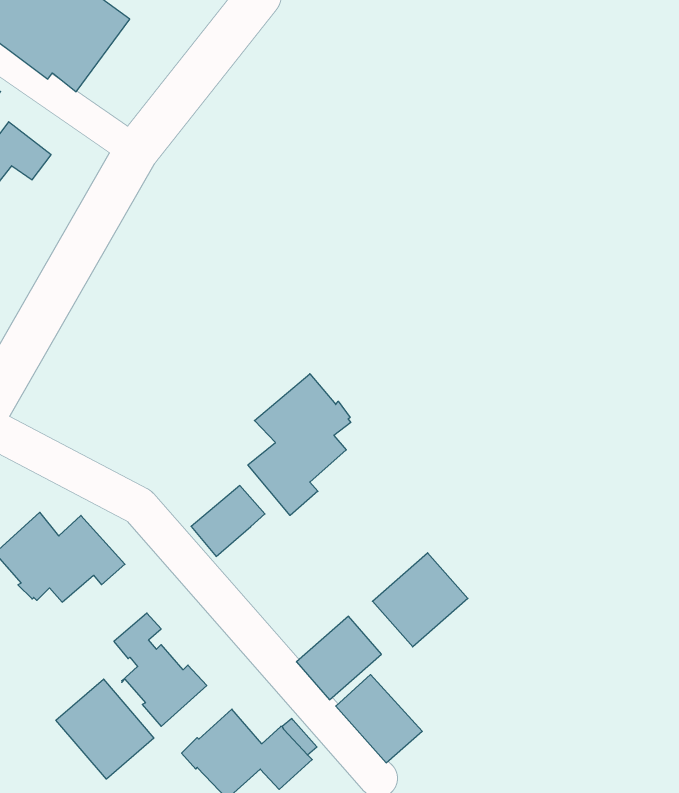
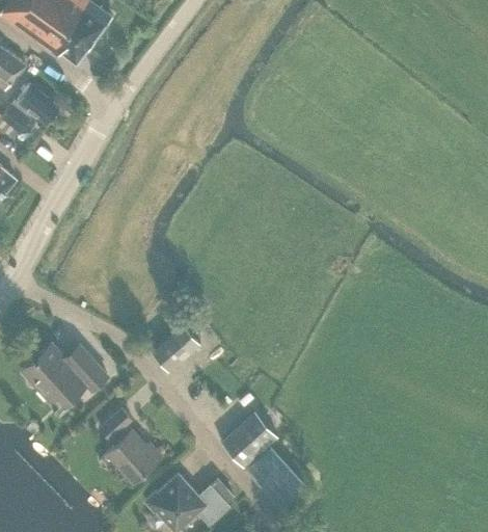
building: [248,374,351,515] -> none
building: [372,553,468,647] -> none
building: [56,679,154,779] -> none

